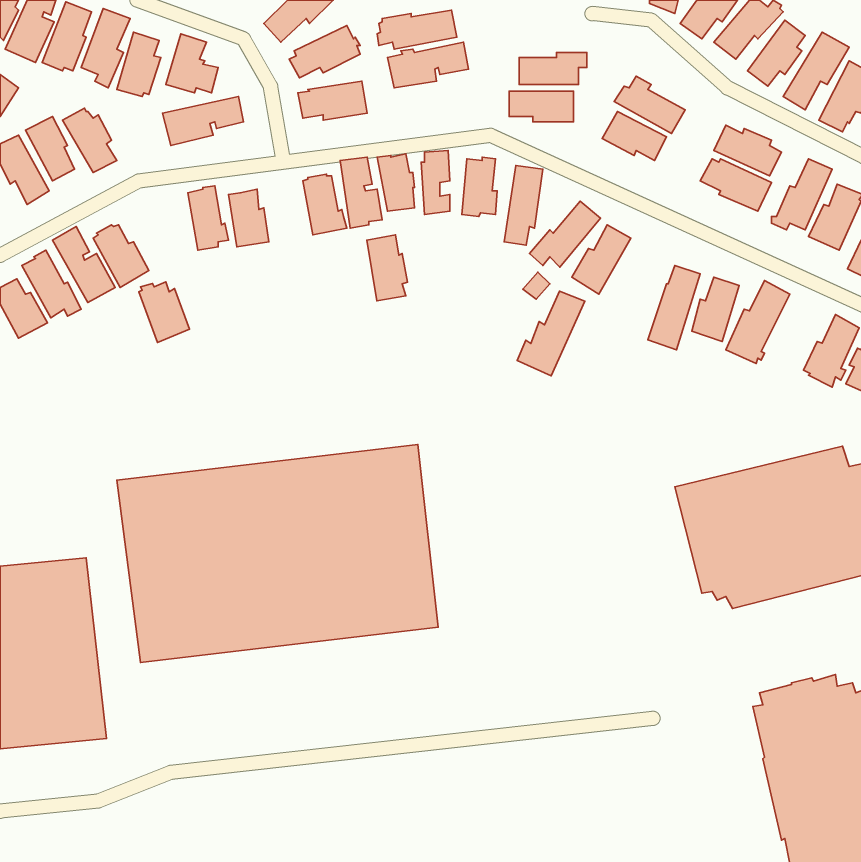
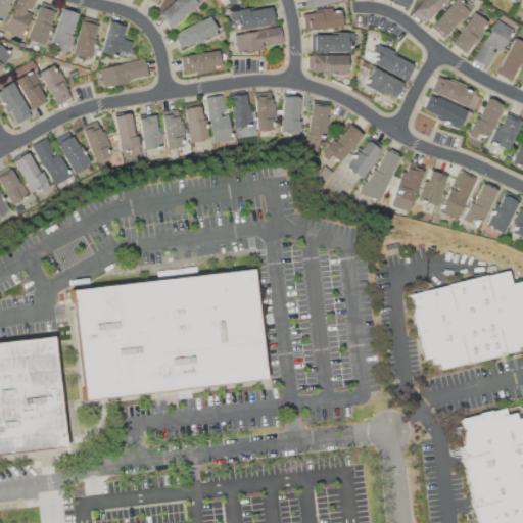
building: none -> [304,9,343,30]
building: [367,235,407,301] -> [162,109,187,149]
building: [139,282,190,343] -> [85,127,115,163]
building: [517,291,585,376] -> [360,151,400,202]
building: none -> [464,181,500,224]

